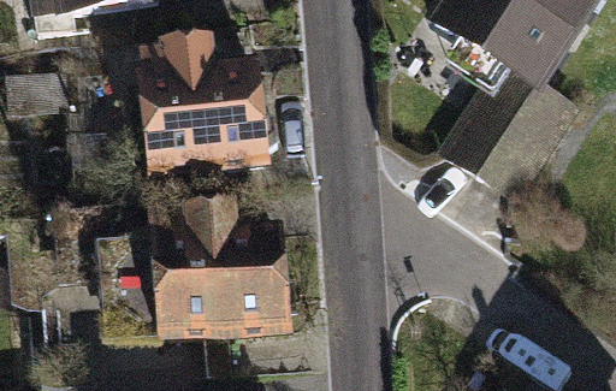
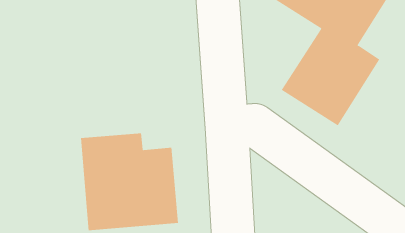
building: [132,37,262,178] -> none

